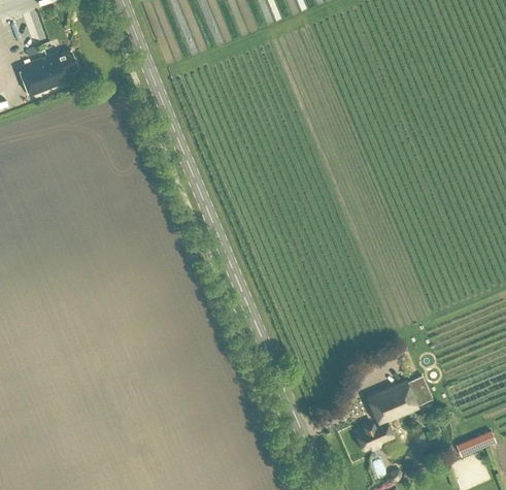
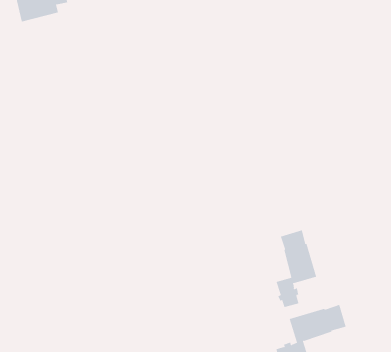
building: none -> [276,229,317,308]

